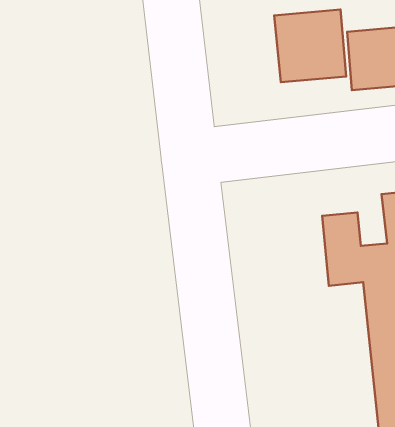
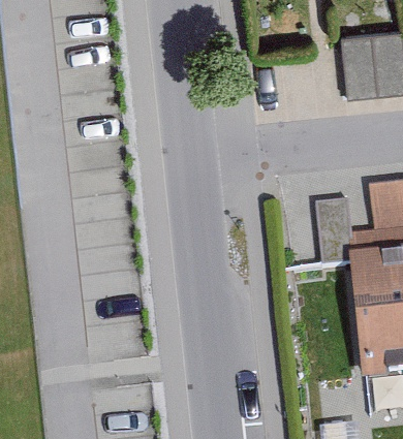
building: [274,9,346,82] -> none

